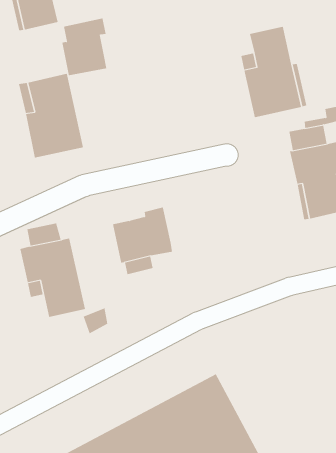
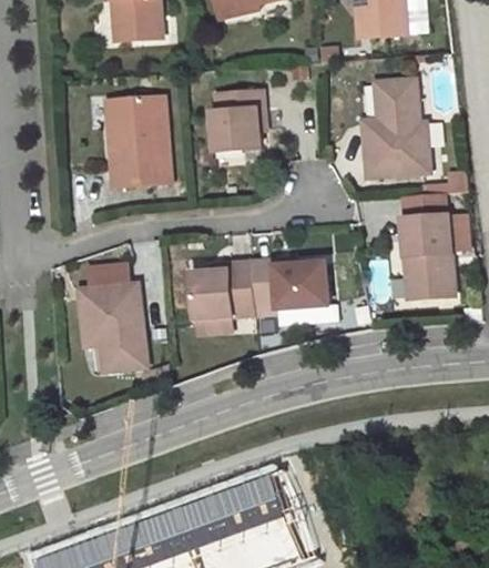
building: [61,18,107,76] -> [212,91,264,151]
building: none -> [251,260,327,307]

